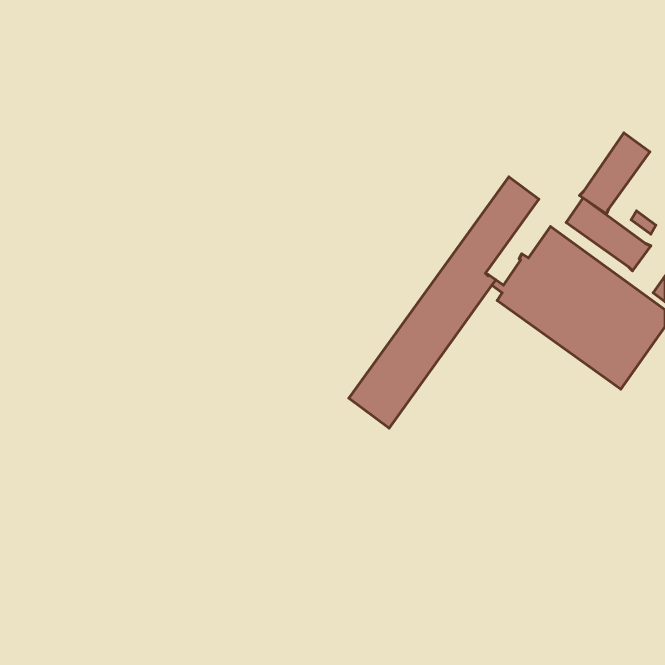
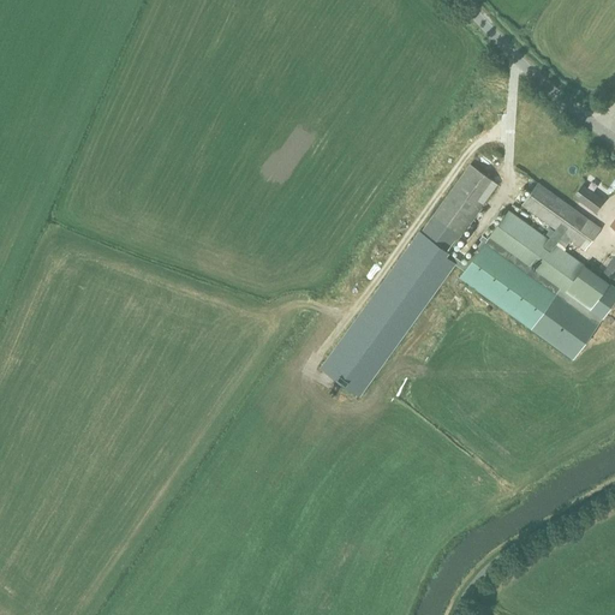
building: [580,133,650,214] -> none

